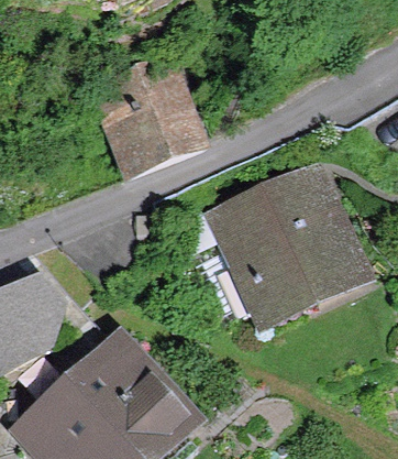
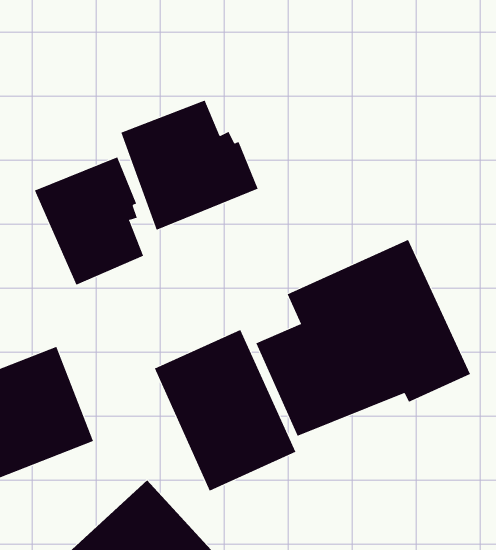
building: none -> [34,156,144,285]
building: none -> [154,329,296,491]

